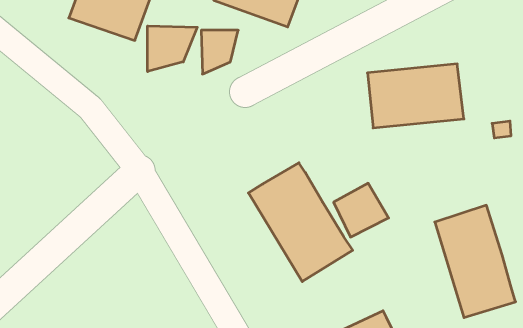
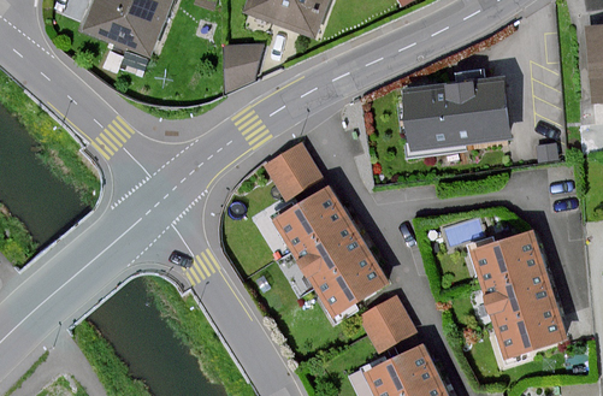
building: [148,26,197,72] -> none
building: none -> [265,141,330,209]
building: [334,183,389,237] -> [360,295,419,353]

